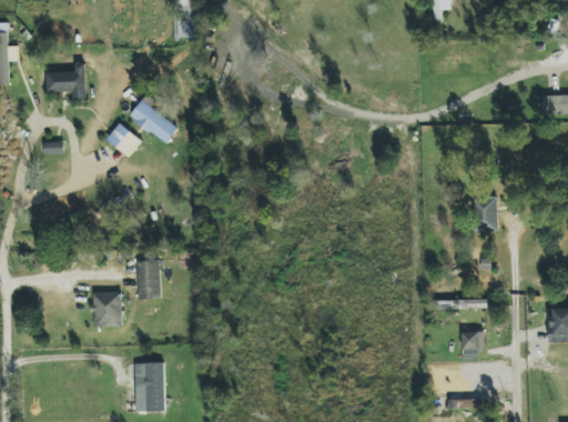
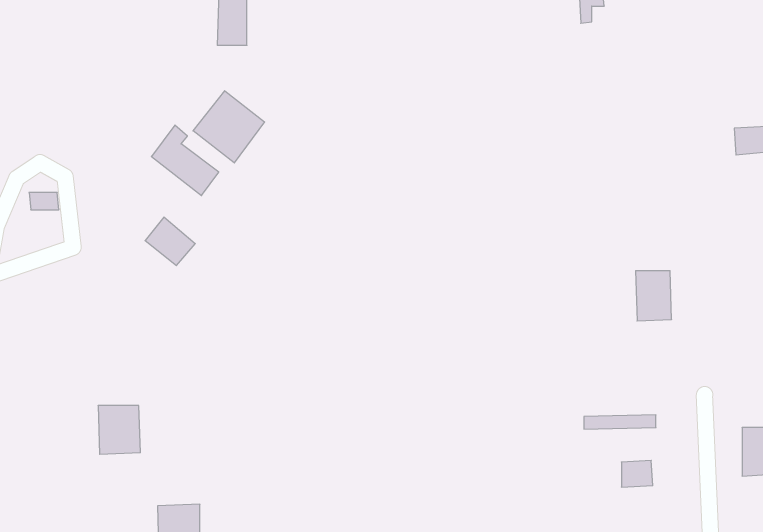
building: [47,62,87,100] -> none
building: none -> [193,91,265,163]
building: [106,122,142,157] -> [145,217,195,266]
building: [136,260,161,299] -> none

